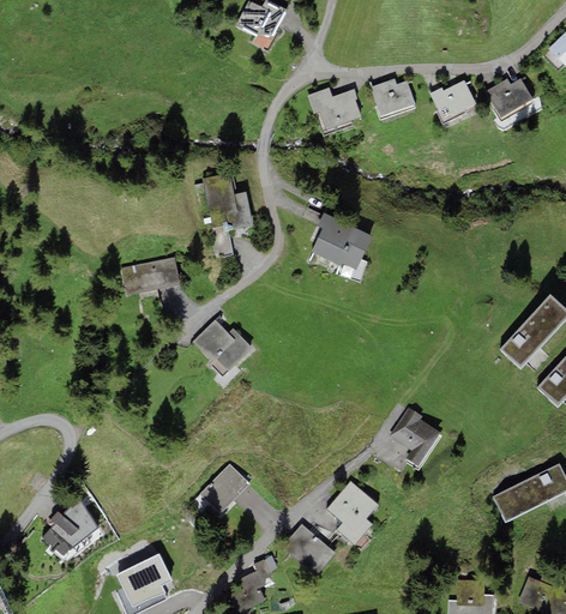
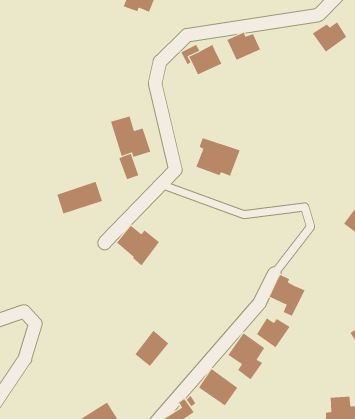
building: [429,80,476,120] -> none
building: none -> [256,317,291,348]
building: [42,500,97,555] -> none

